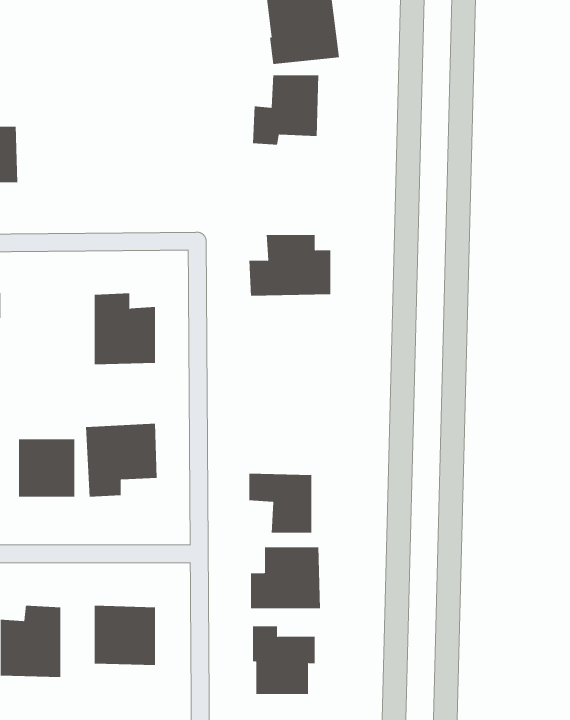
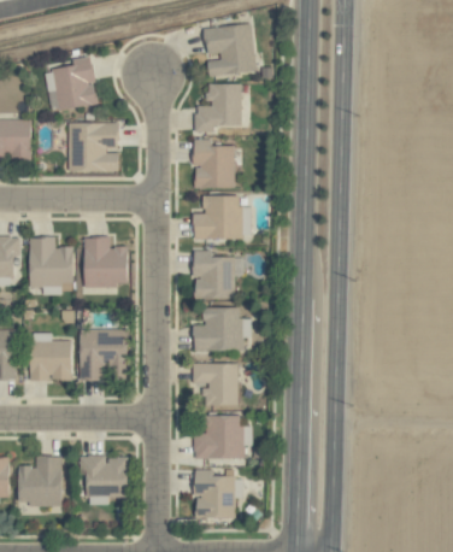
building: none -> [51,55,99,111]
building: none -> [70,123,119,171]
building: none -> [194,139,235,188]
building: none -> [30,237,73,286]
building: none -> [194,251,243,299]
building: none -> [194,307,251,352]

